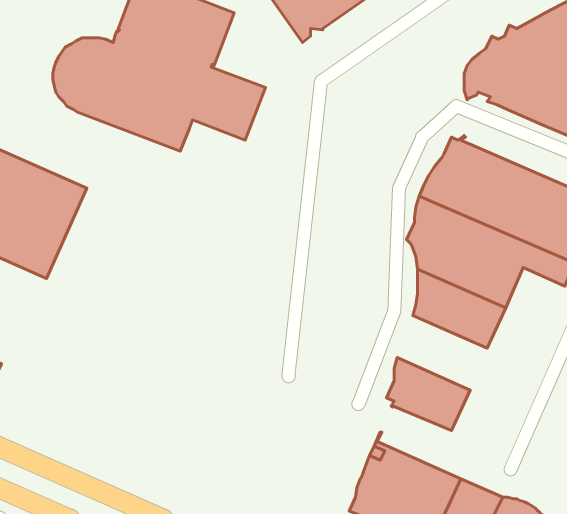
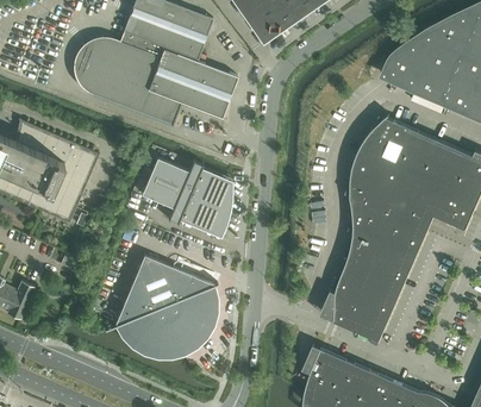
building: none -> [140,158,232,239]
building: none -> [337,252,406,309]
building: none -> [104,255,218,359]

